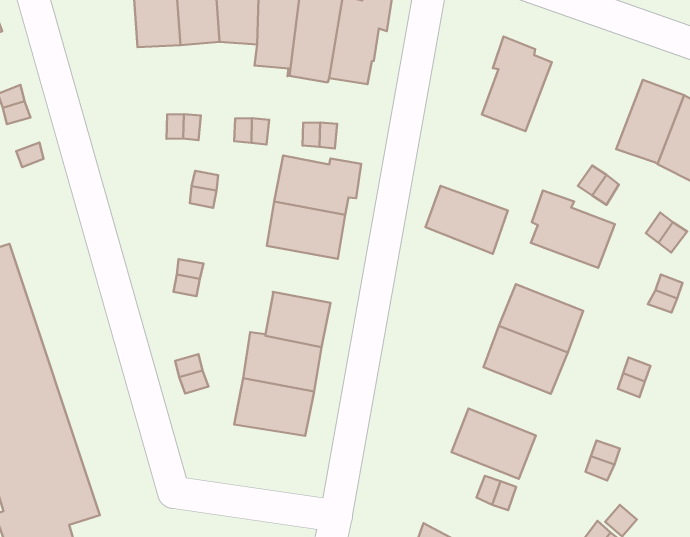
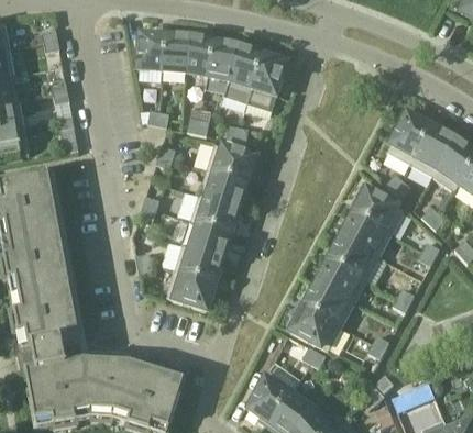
building: [482,37,552,131] -> [386,107,431,164]
building: [425,186,508,254] -> [341,212,391,256]
building: none -> [189,193,239,232]
building: none -> [304,281,353,325]

